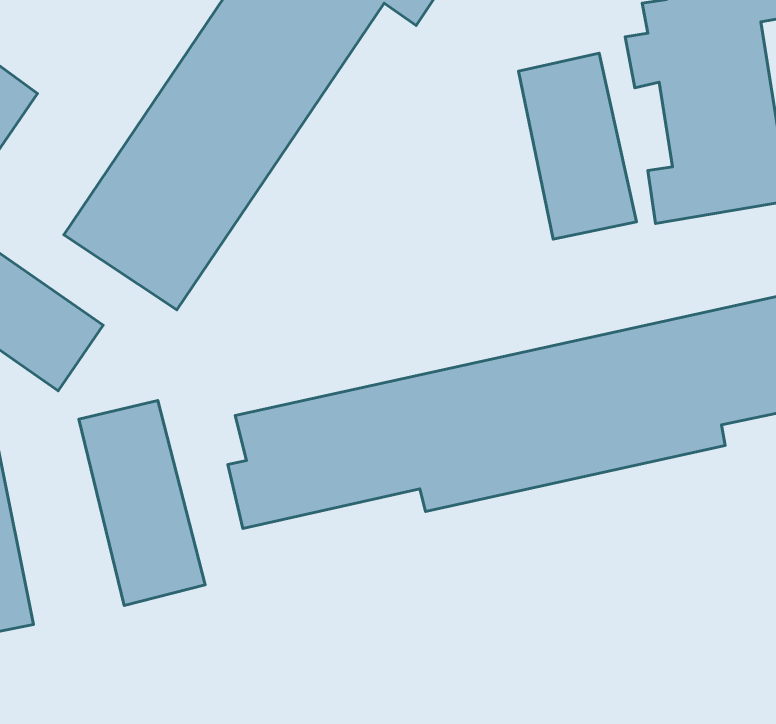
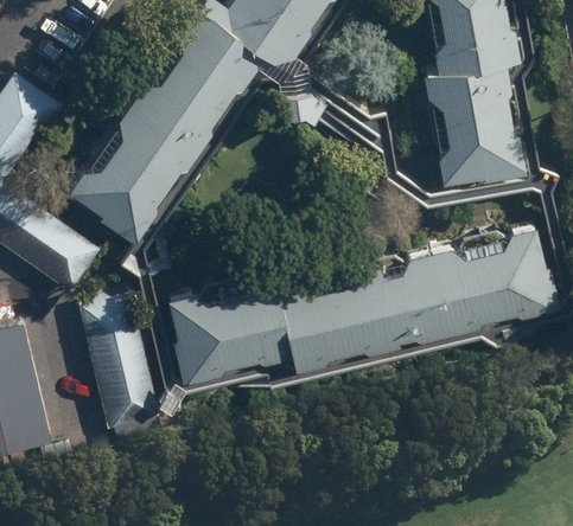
building: [518,53,636,239] -> none

